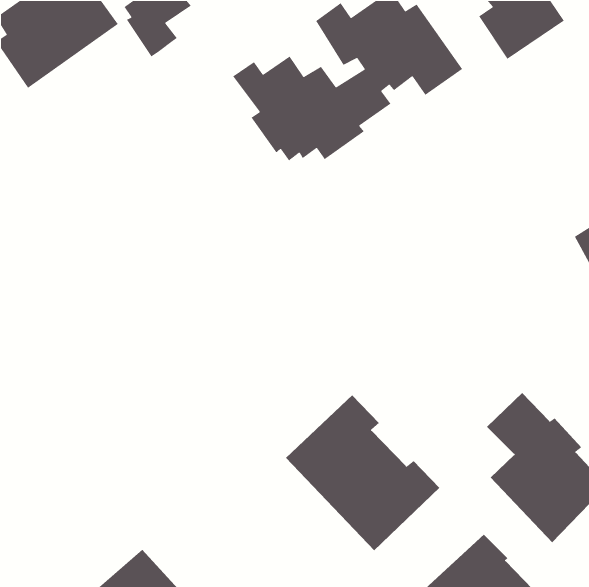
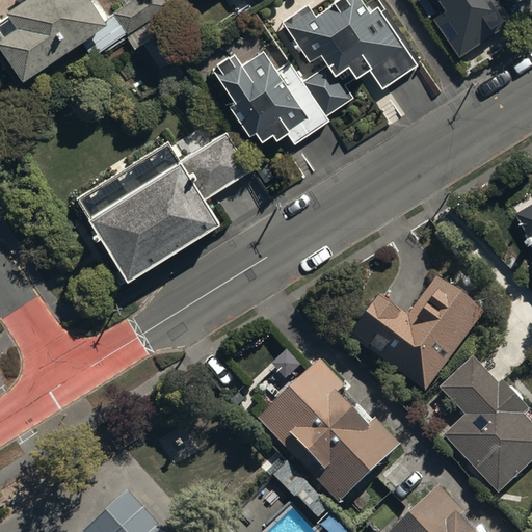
building: none -> [80,131,252,275]
building: none -> [347,274,483,388]

